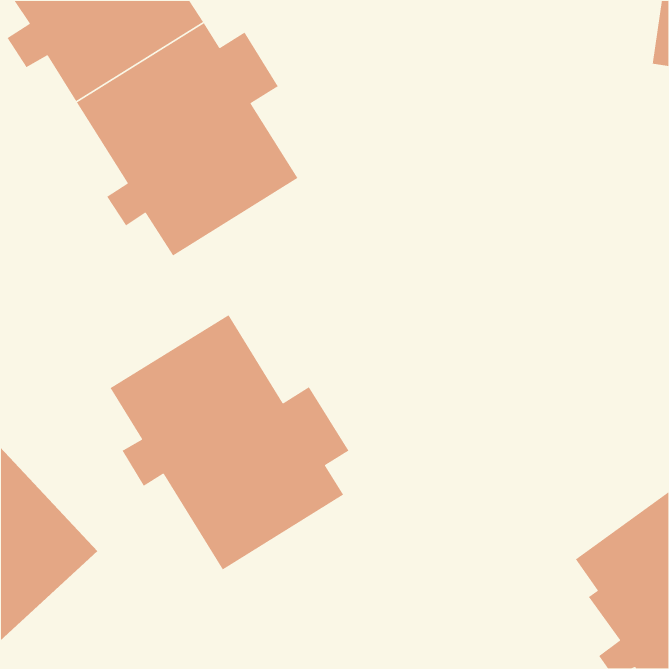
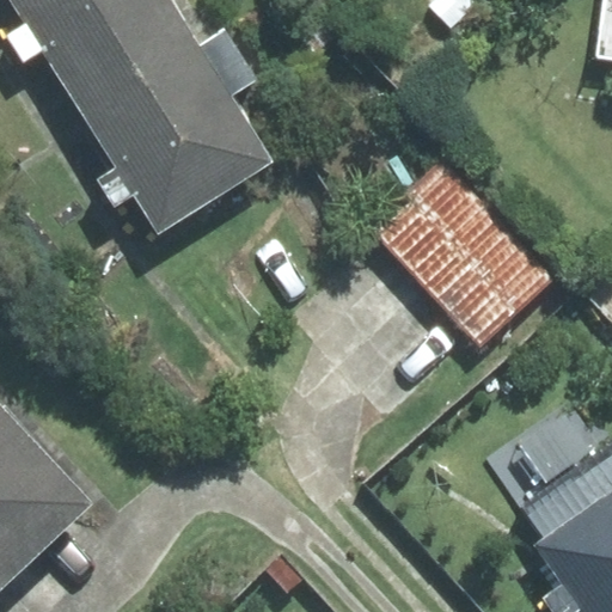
building: none -> [375,160,555,343]
building: [110,314,350,571] -> none

